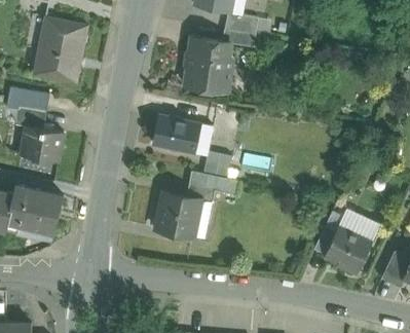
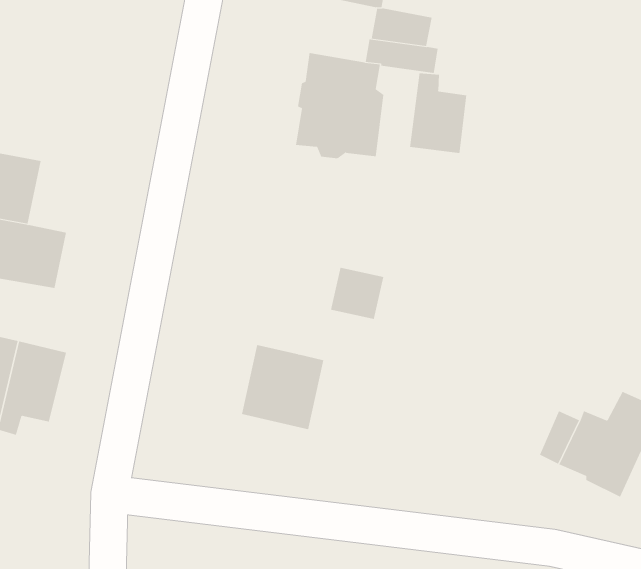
building: [34,16,88,81] -> none
building: none -> [410,72,467,154]
building: [153,114,200,153] -> none
building: [187,171,240,202] -> none

